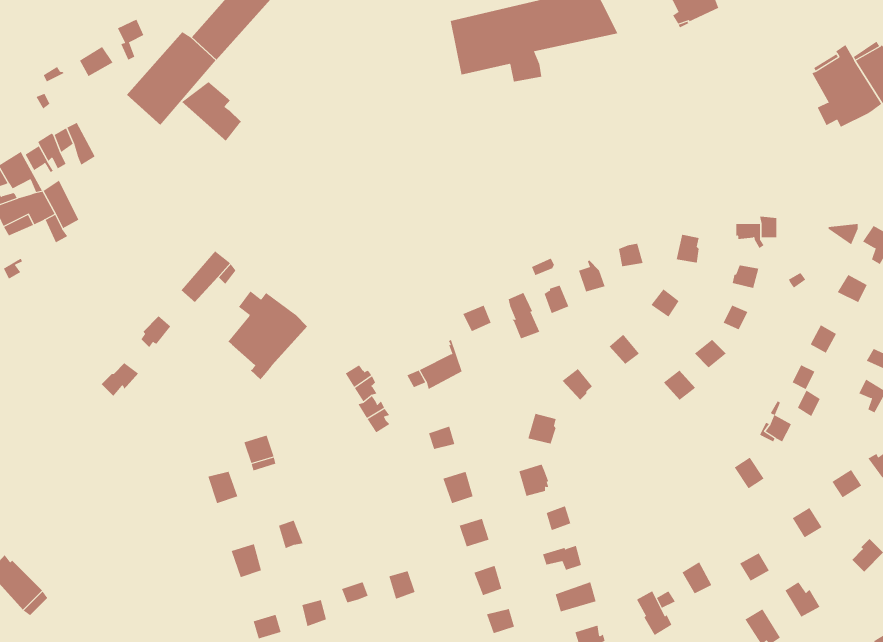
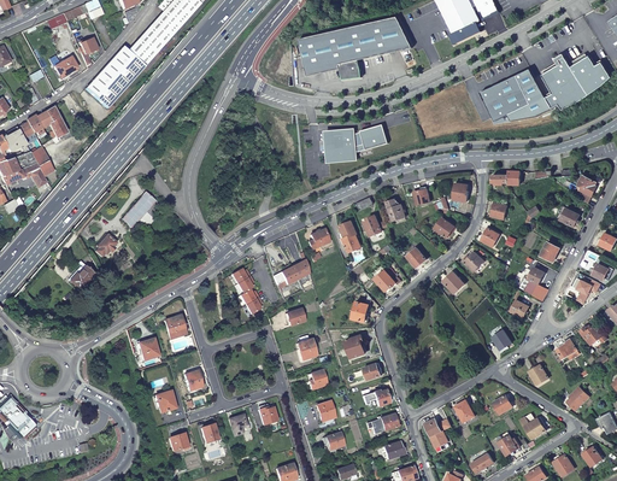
building: none -> [480,68,551,121]
building: [181,81,242,142] -> none
building: none -> [327,124,388,160]
building: [228,290,308,380] -> none

